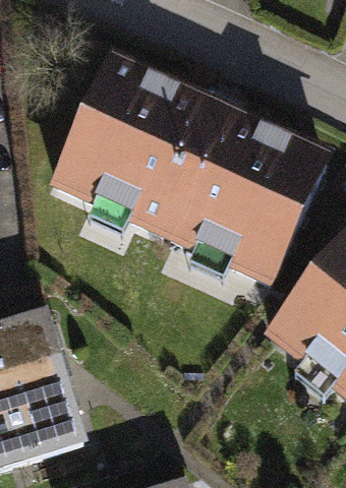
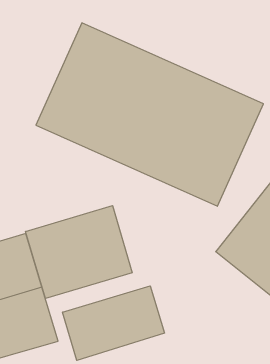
building: none -> [26,206,132,299]
building: none -> [63,286,164,360]

